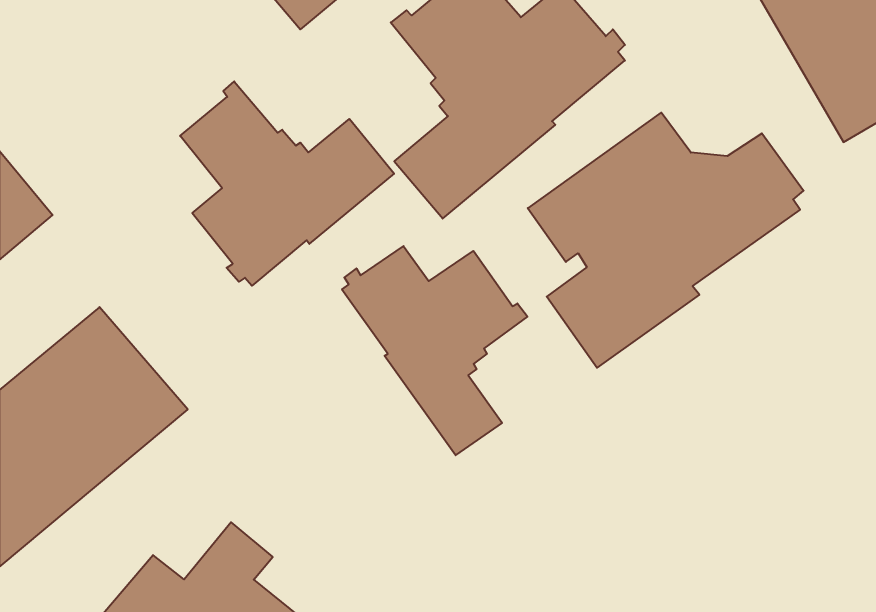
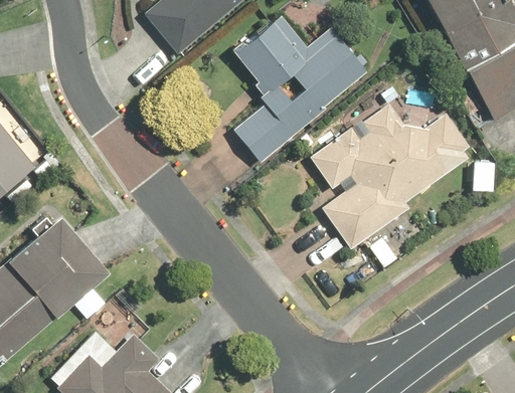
building: [180,81,394,286] -> none
building: [342,246,527,455] -> none

